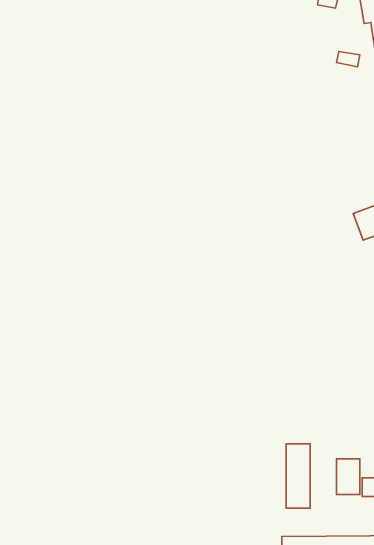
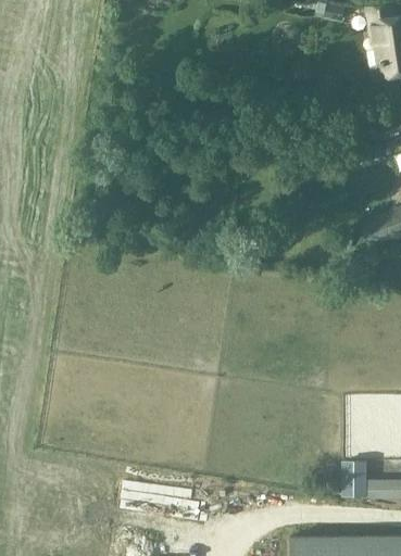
building: [286,444,310,508] -> none

